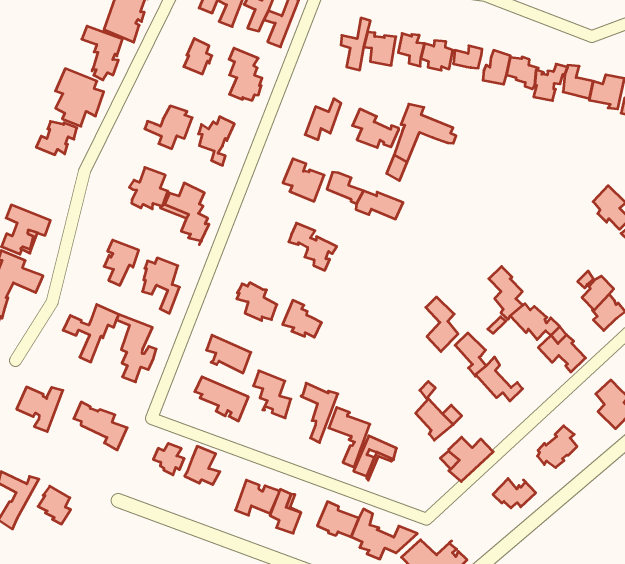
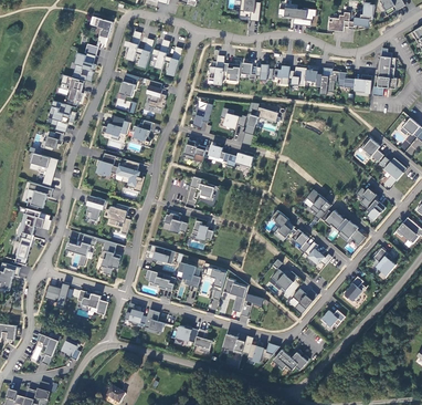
building: none -> [28,153,57,187]

